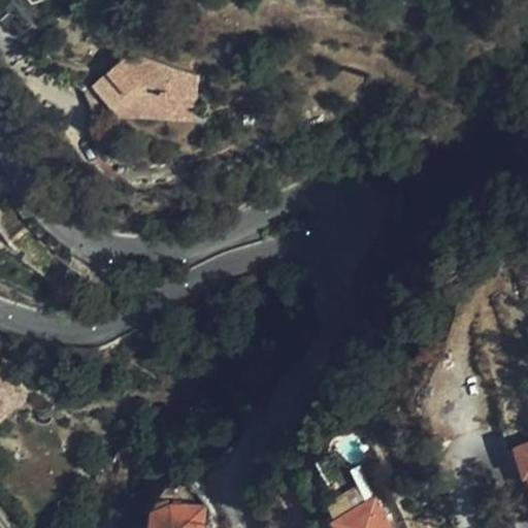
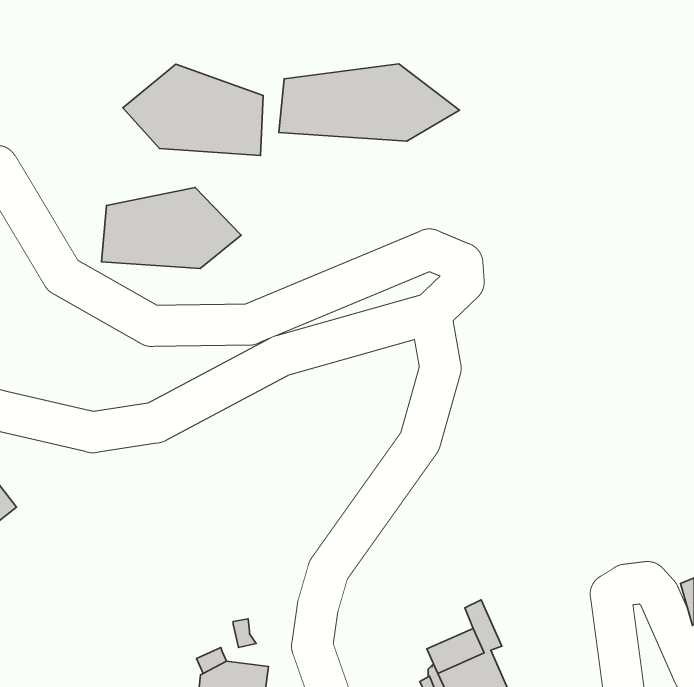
building: none -> [279,64,459,141]
building: none -> [101,188,241,268]

